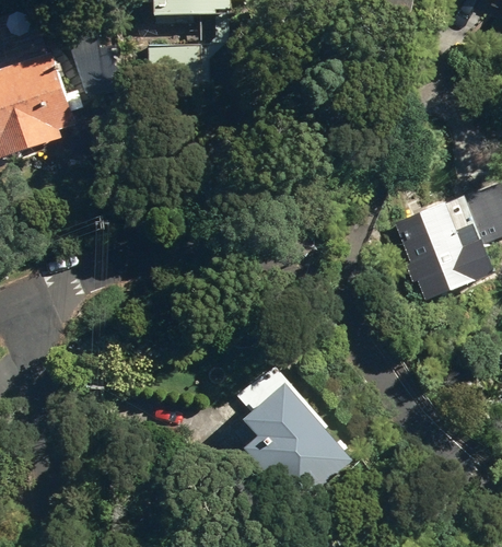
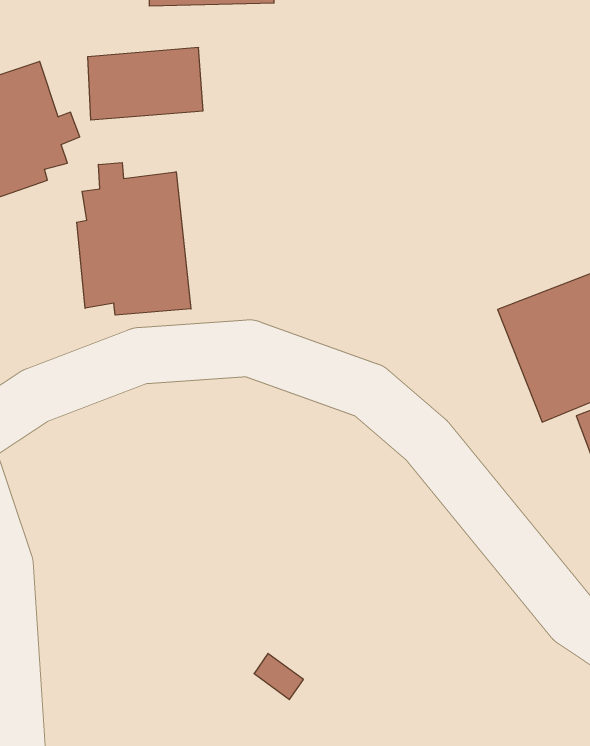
building: none -> [77,163,191,315]
building: [230,386,347,511] -> none

